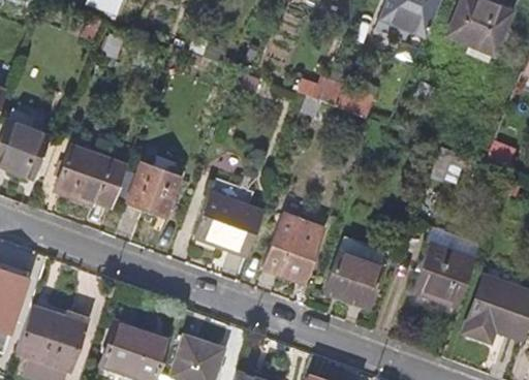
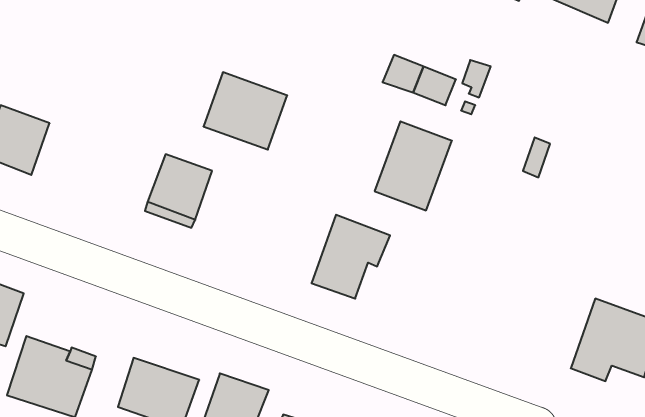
building: [56,144,126,205] -> none
building: [196,191,263,253] -> [203,72,287,150]
building: [324,233,386,305] -> [375,121,452,210]
building: [413,242,475,306] -> none

